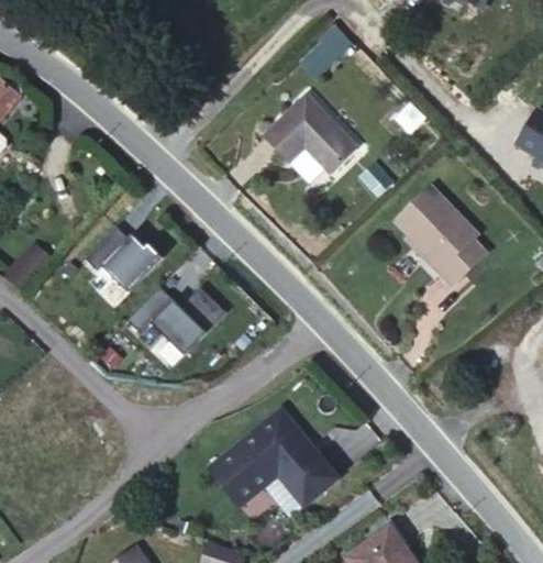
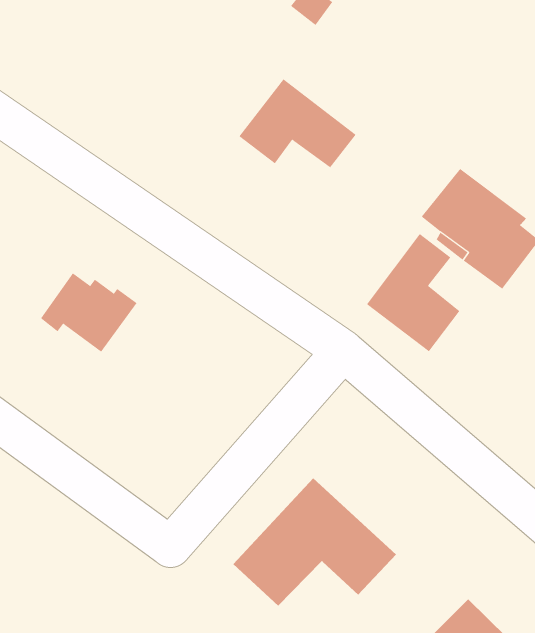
building: none -> [366,233,460,352]
building: [131,283,229,352] -> none

